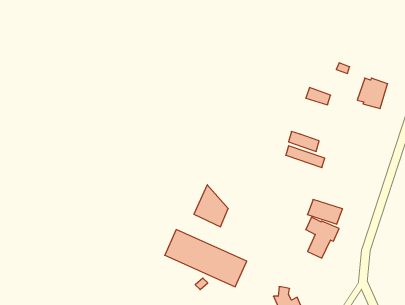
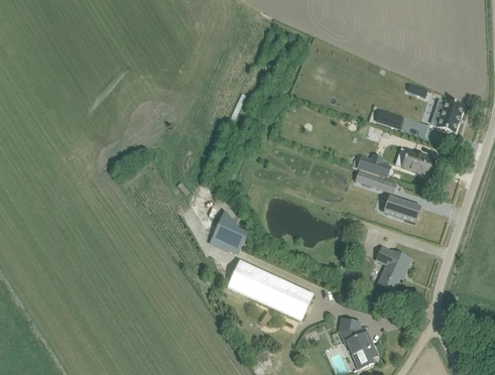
building: none -> [401,149,434,175]
building: [194,185,228,227] -> [209,210,245,254]
building: [307,199,343,224] -> [382,195,419,221]

